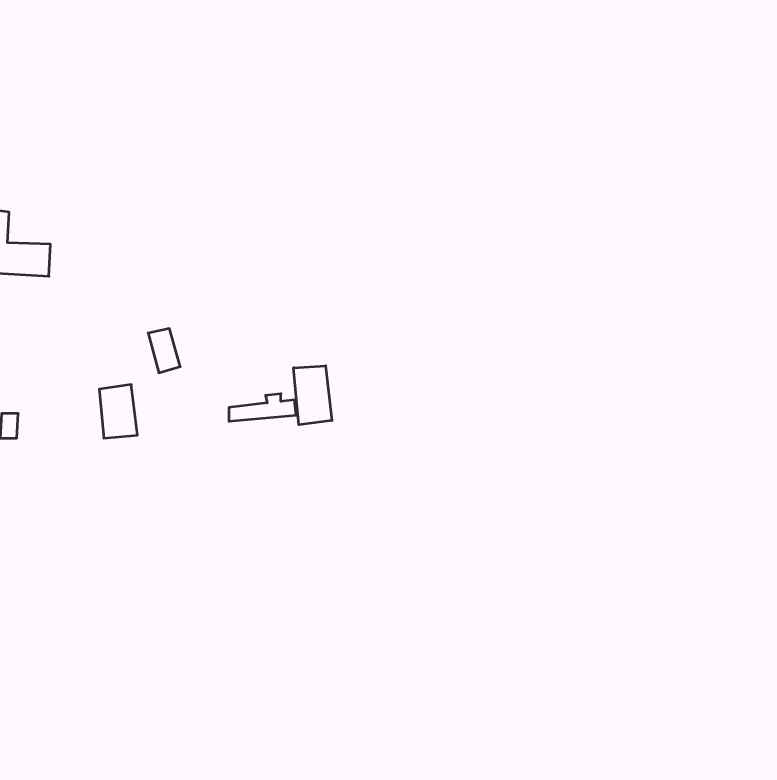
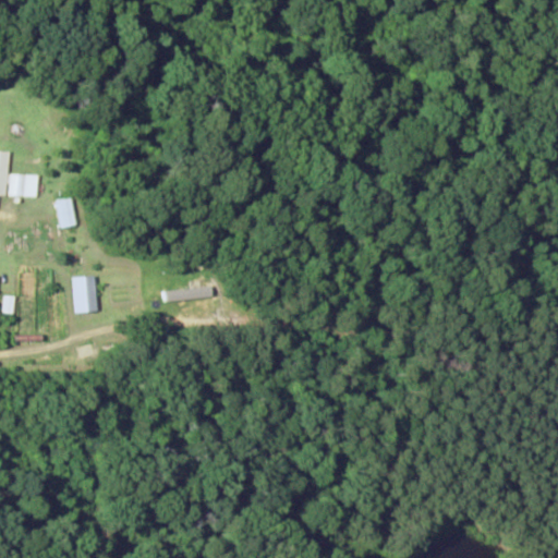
building: [148,329,180,373] -> [53,197,76,229]
building: [294,366,332,425] -> none

